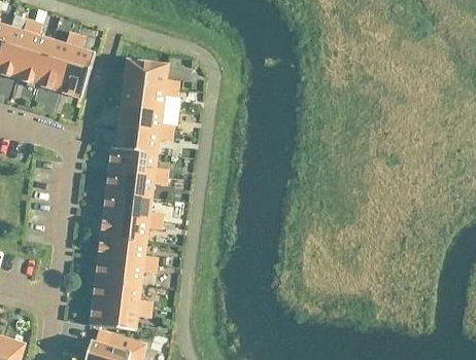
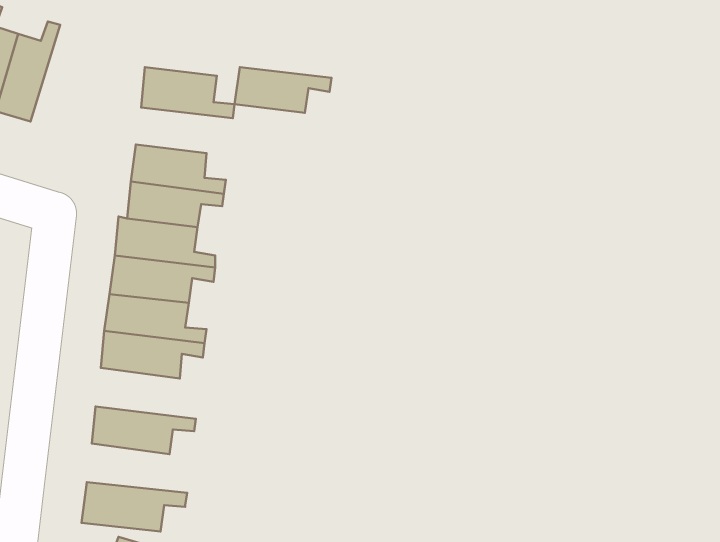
building: [59,34,95,98] -> none
building: [121,82,177,109] -> [235,67,331,113]
building: [97,235,157,264] -> none
building: [92,279,151,308] -> none

